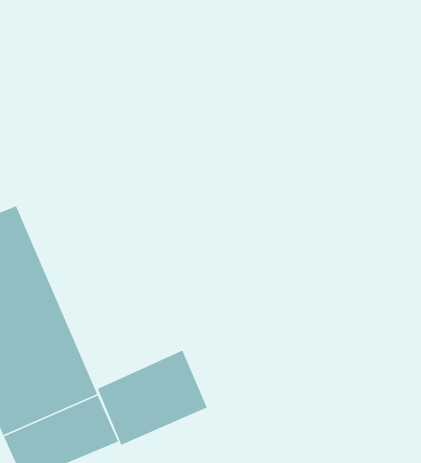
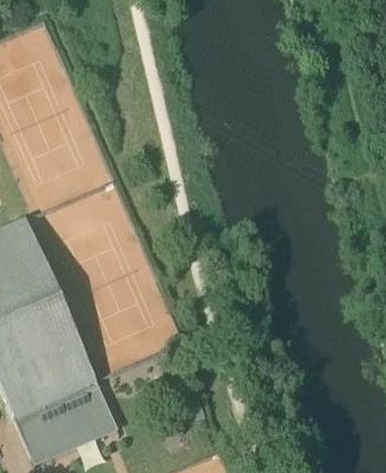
building: [97,349,208,446] -> none

